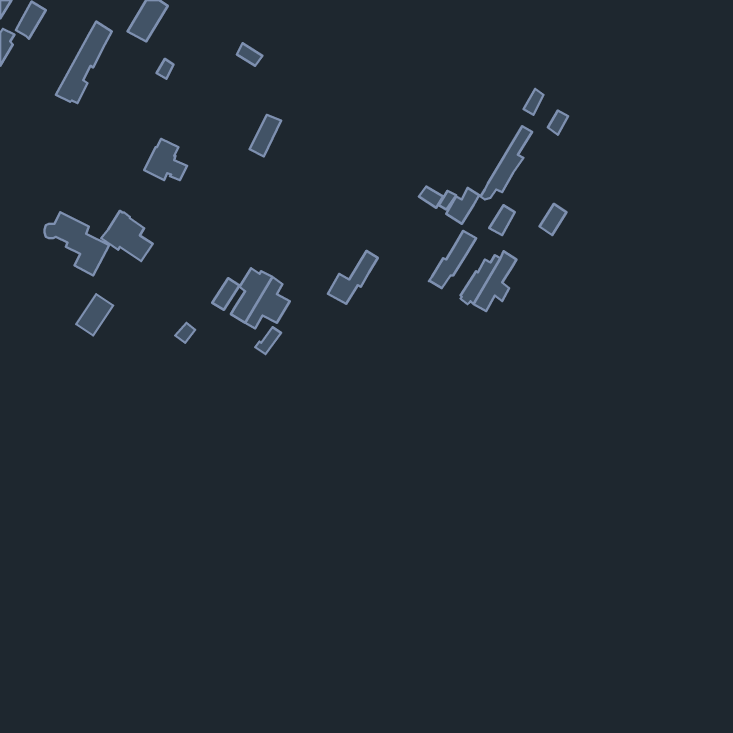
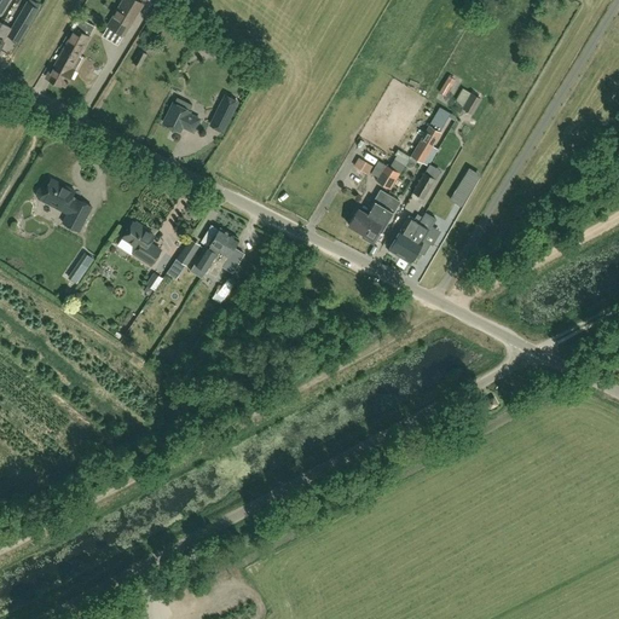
building: [144,139,187,180] -> [163,97,199,132]
building: [101,211,153,261] -> [117,222,161,265]
building: [328,251,378,304] -> [348,189,391,233]

